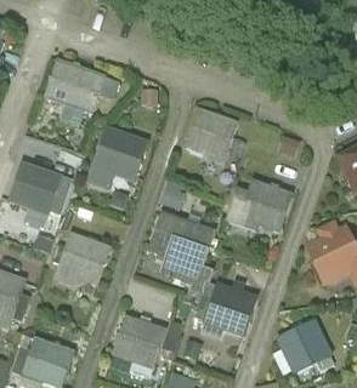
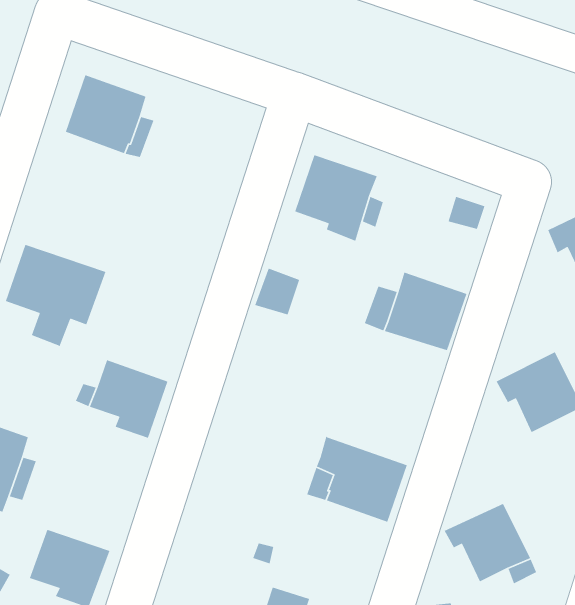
building: [89,130,144,186] -> none
building: [148,213,214,293] -> none
building: [113,316,163,376] -> none

